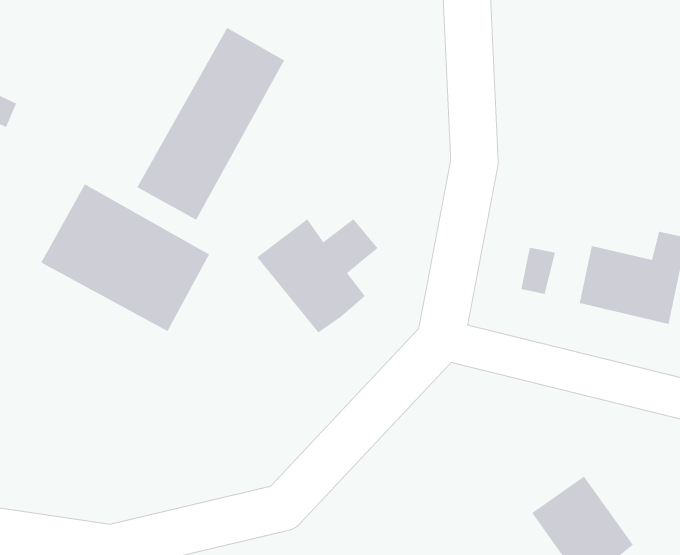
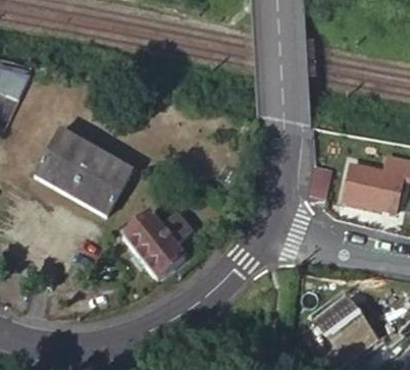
building: [136,27,285,221] -> none
building: [256,218,378,333] -> [123,213,194,279]

